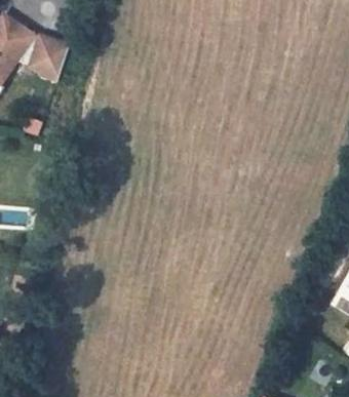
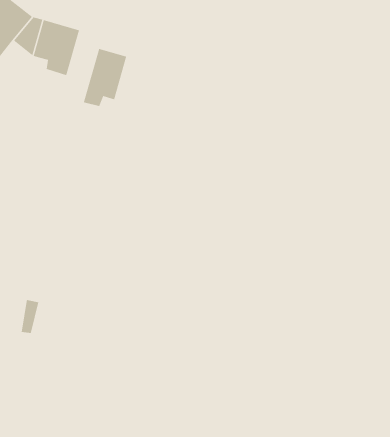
building: none -> [83,48,127,107]

